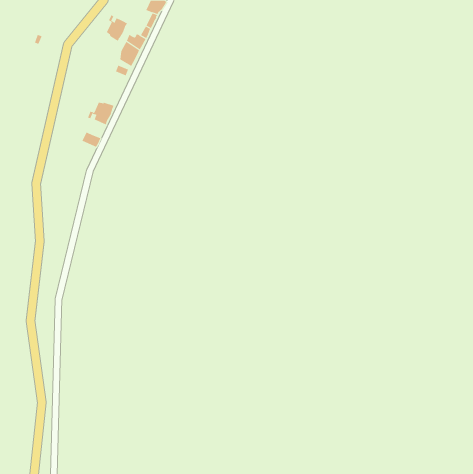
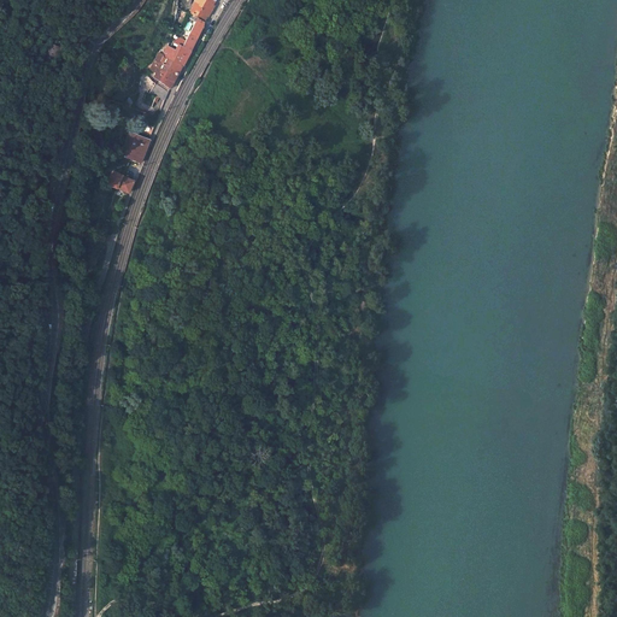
building: [106,14,128,42] -> none

